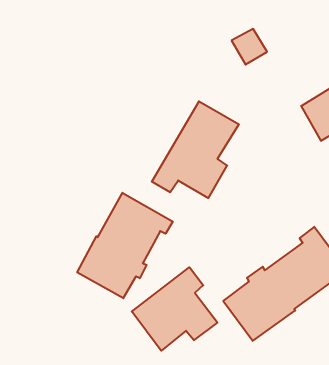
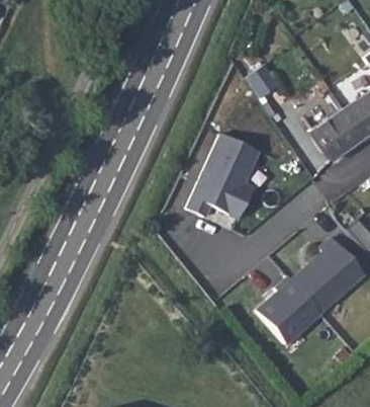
building: [77,193,173,298] -> none
building: [132,267,217,351] -> none

